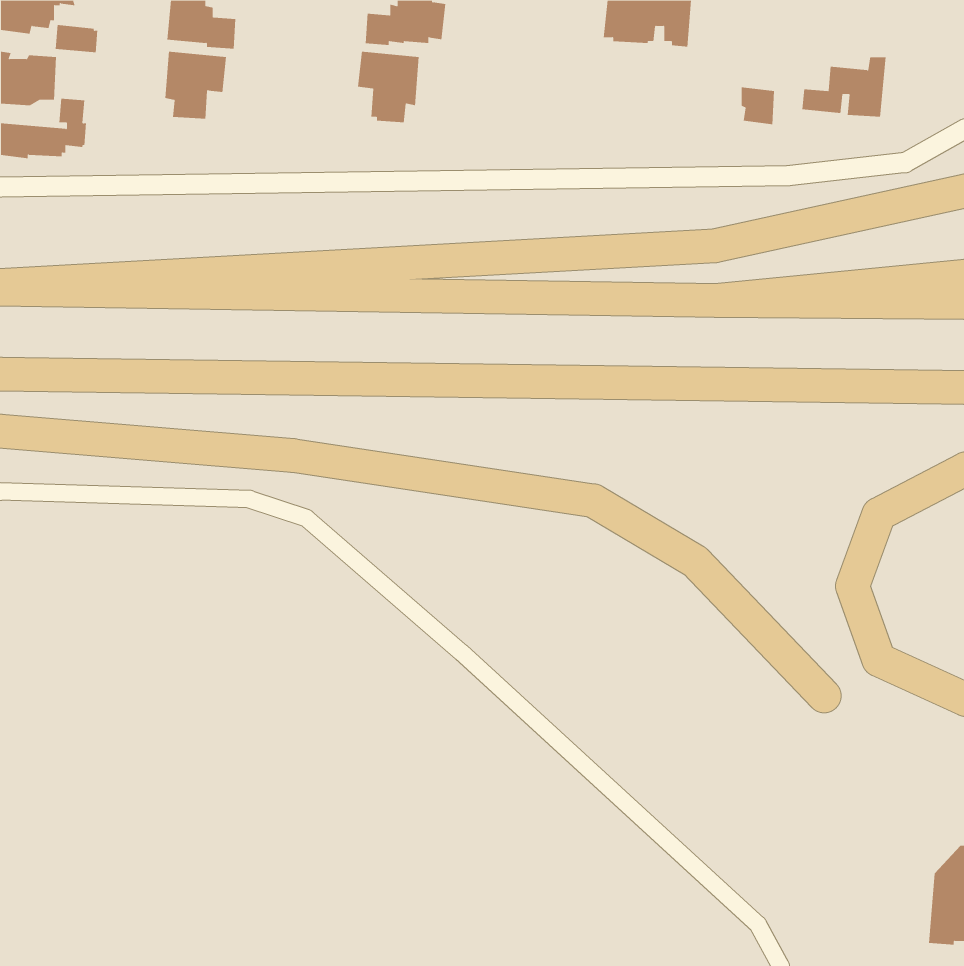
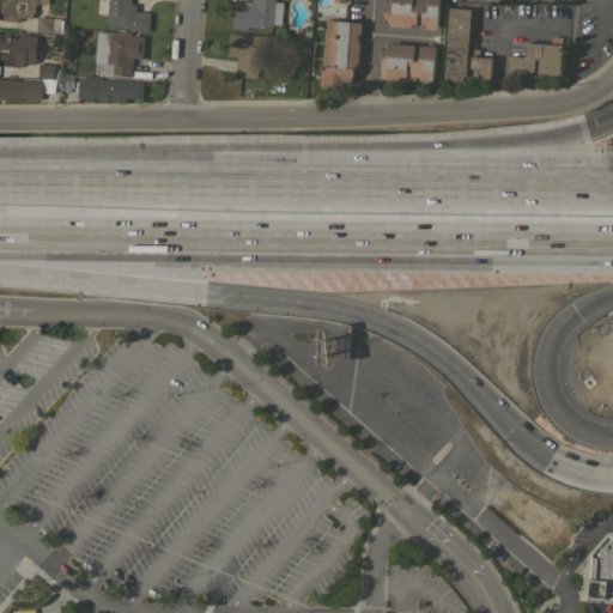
building: none -> [444,7,472,83]
building: none -> [320,19,362,86]
building: none -> [380,43,436,85]
building: none -> [78,77,144,99]

